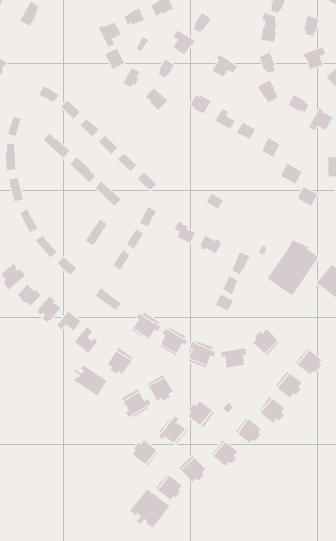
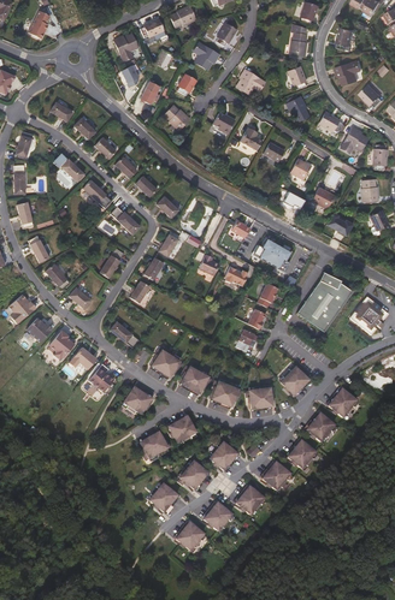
building: none -> [253,237,290,271]
building: [73,365,107,397] -> none
building: [129,488,170,529] -> none

